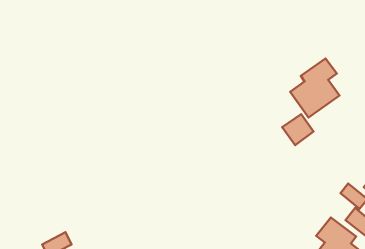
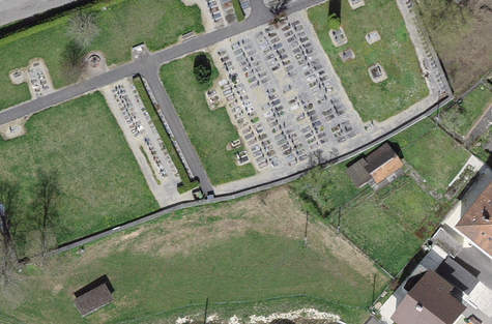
building: [290,59,339,118] -> none

